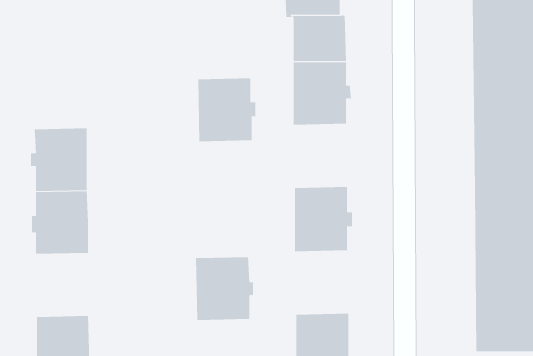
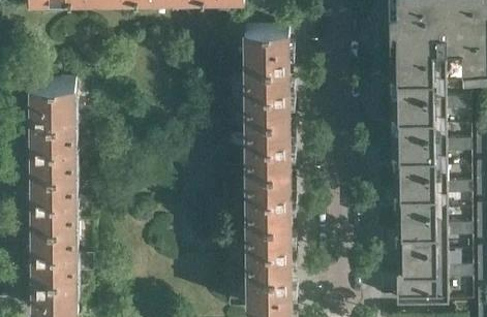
building: [197,78,256,142] -> [245,125,294,178]
building: none -> [31,91,75,129]
building: none -> [29,231,77,284]
building: [195,257,254,321] -> [246,229,295,282]

